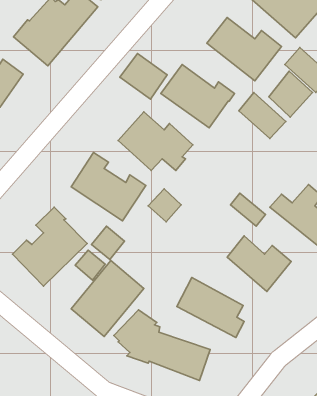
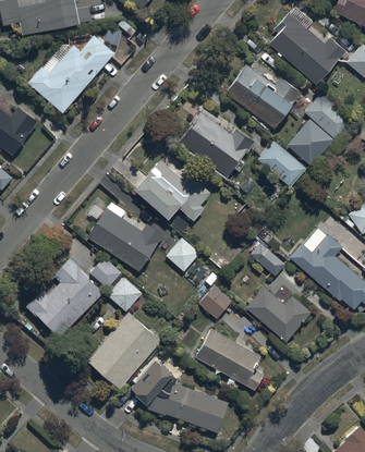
building: [120,54,167,99] -> none
building: none -> [197,285,232,319]
building: [75,250,105,280] -> [89,258,120,289]

